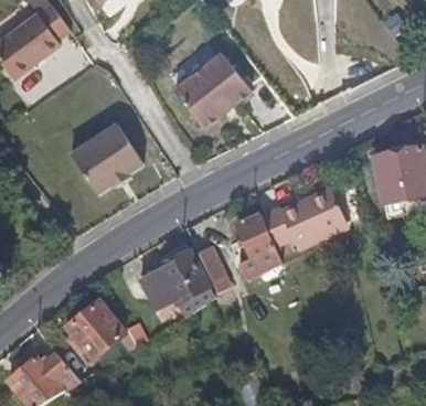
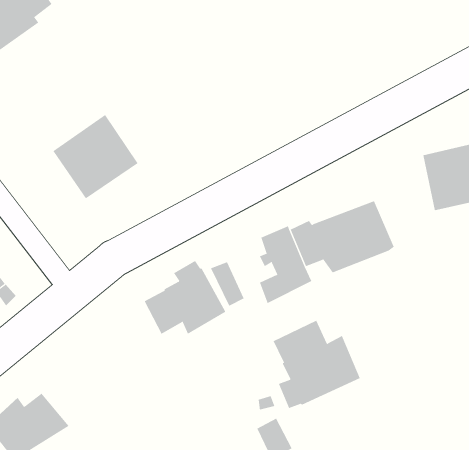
building: [172,54,248,127] -> none
building: none -> [273,320,361,409]
building: [70,299,138,357] -> none

